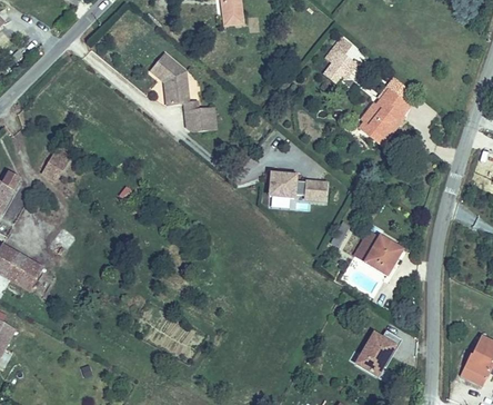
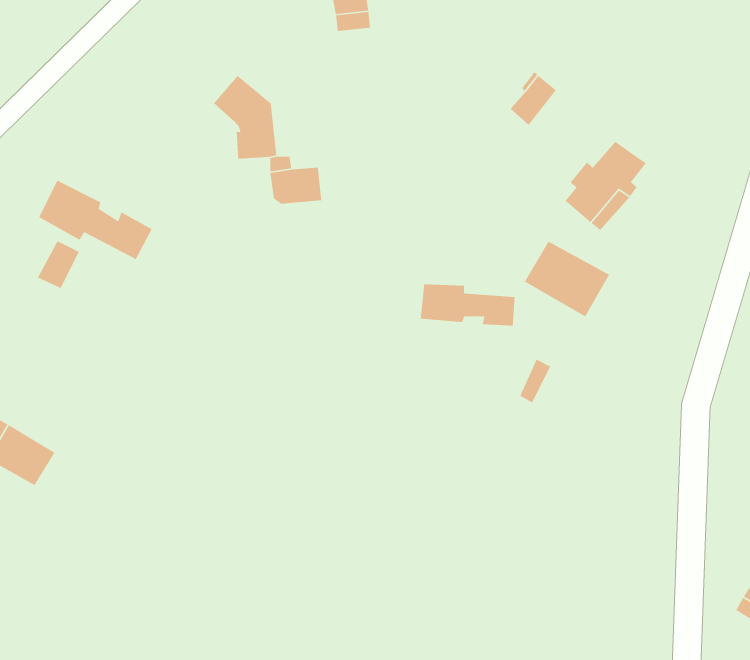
building: none -> [38,179,153,260]
building: [351,229,402,275] -> [524,241,610,318]
building: [358,330,394,373] -> none

